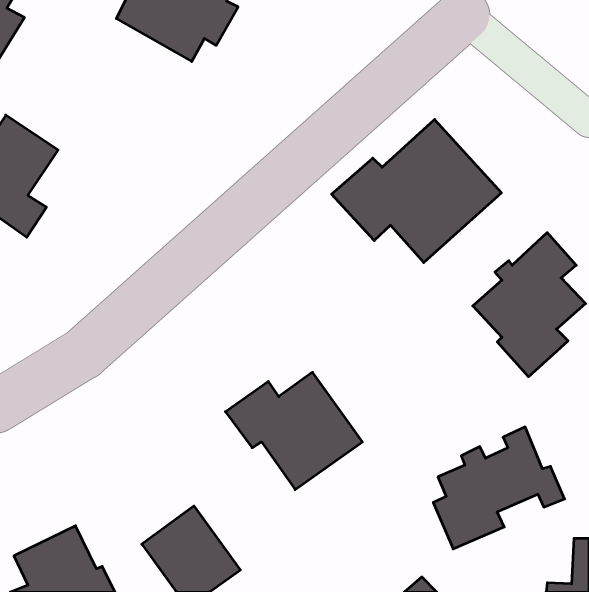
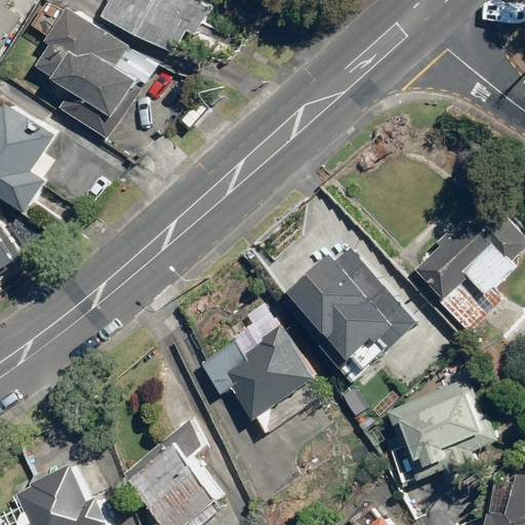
building: none -> [33,6,156,119]
building: [332,119,501,263] -> none
building: none -> [285,246,411,362]

